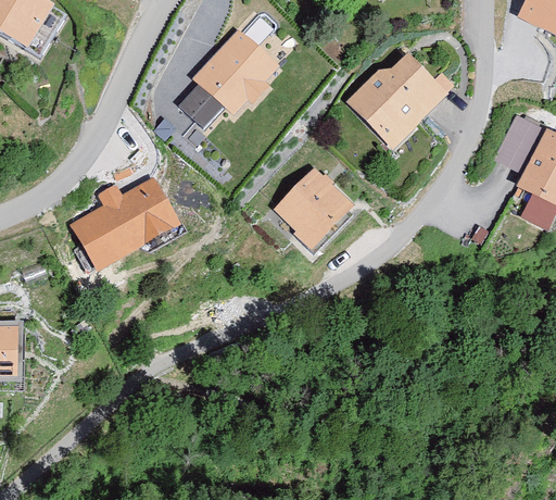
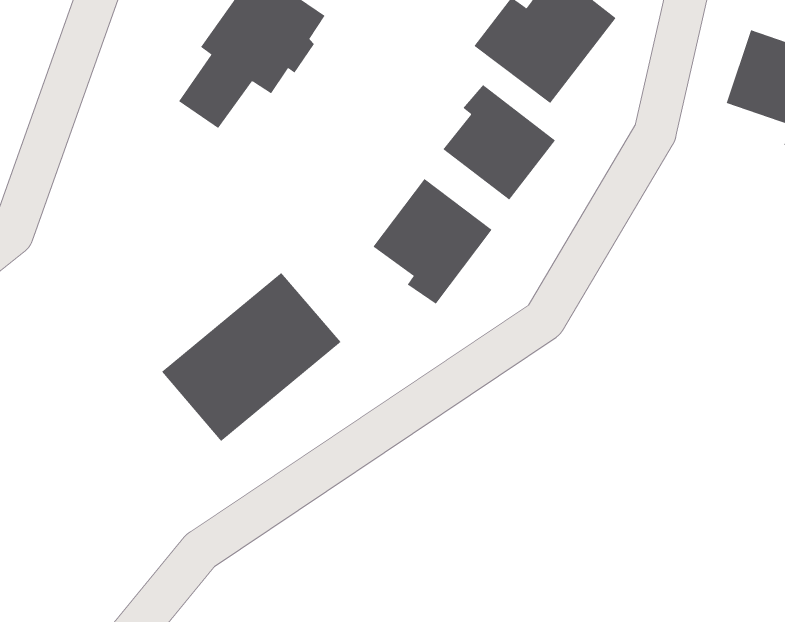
building: none -> [443,84,556,201]
building: [72,176,178,268] -> [161,272,341,442]

